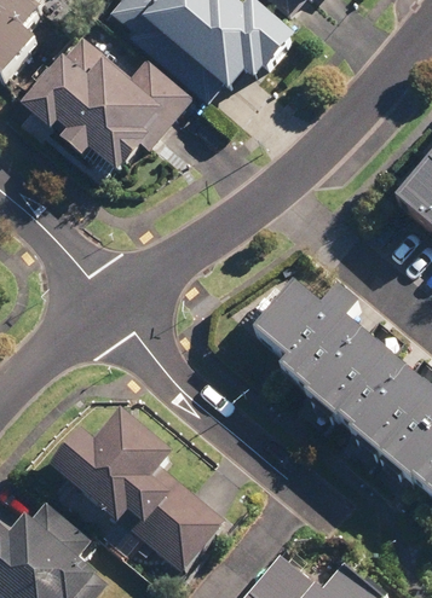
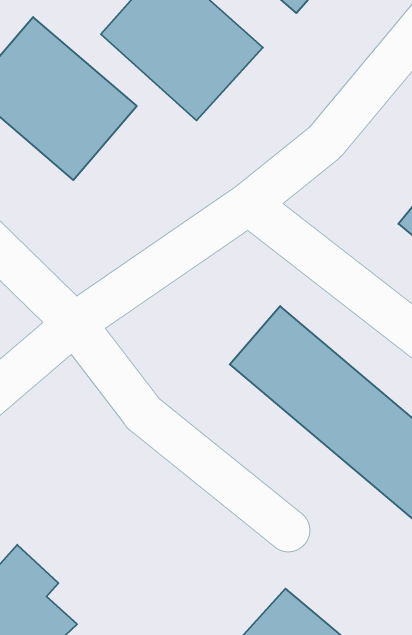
building: [56,406,225,571] -> none

